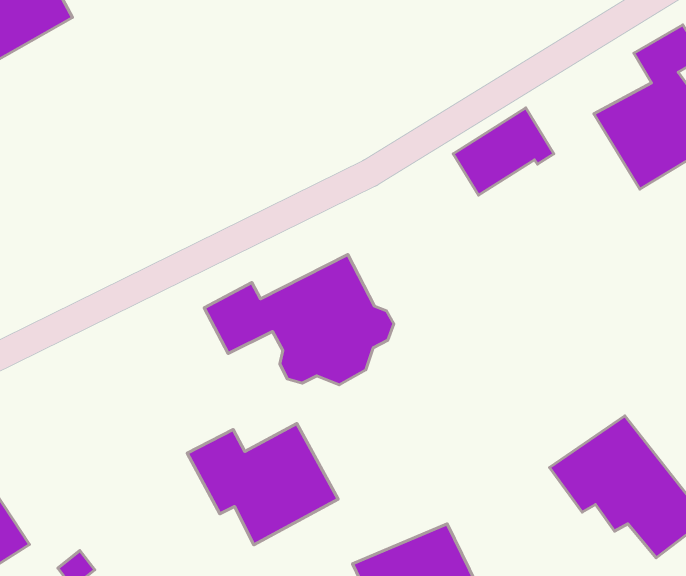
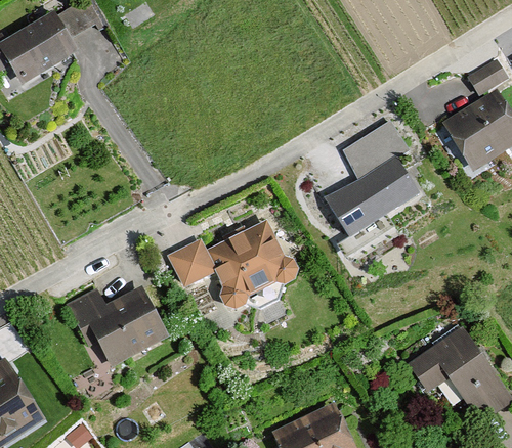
building: none -> [326,152,421,235]
building: [187,424,338,545] -> [66,282,170,366]

